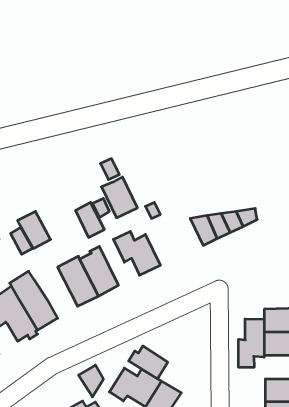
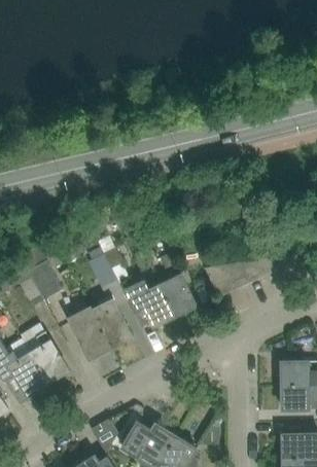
building: [101,177,137,218] -> [158,275,196,317]
building: [239,319,264,367] -> none
building: [129,346,168,379] -> none

